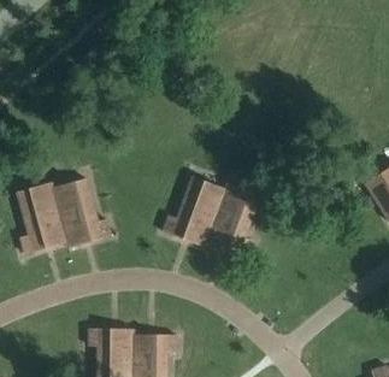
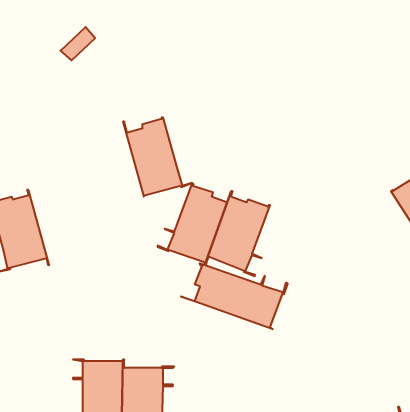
building: [51,177,111,246] -> [123,117,192,197]
building: none -> [181,263,288,329]

